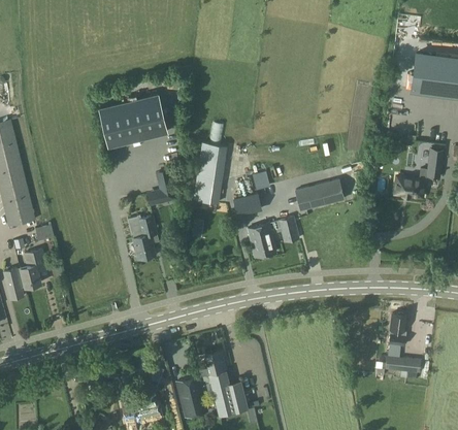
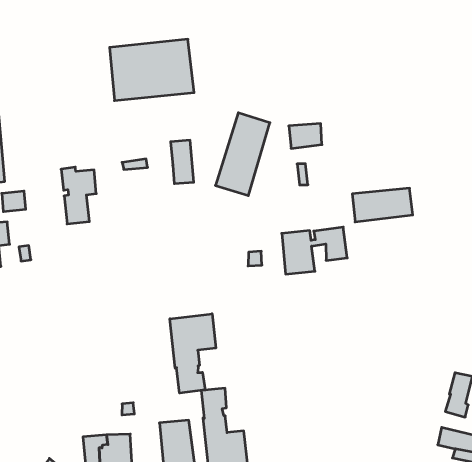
building: [233,194,260,216] -> [289,124,322,148]
building: [128,216,157,259] -> [61,167,96,224]
building: none -> [170,314,216,393]

